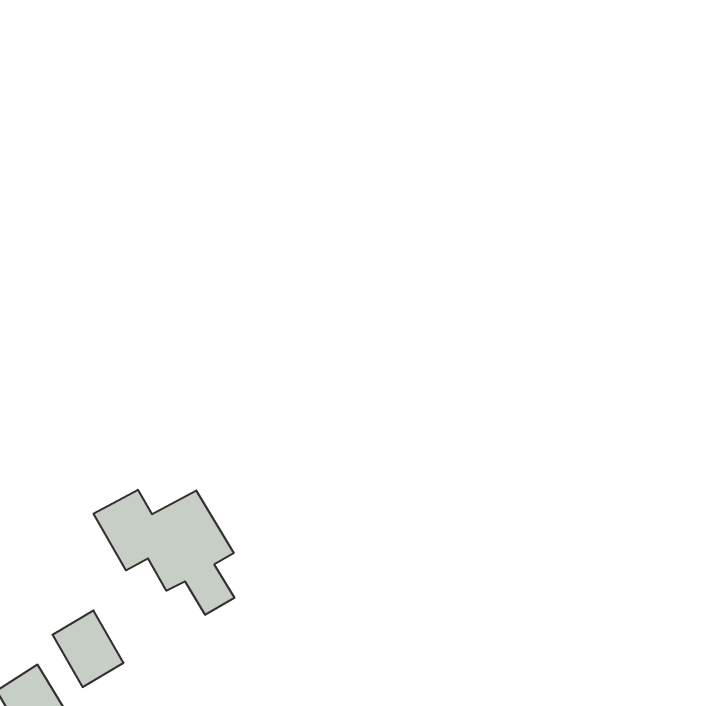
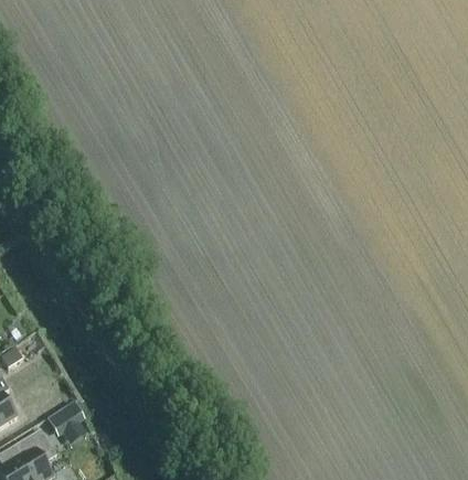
building: [94,490,234,615] -> none

